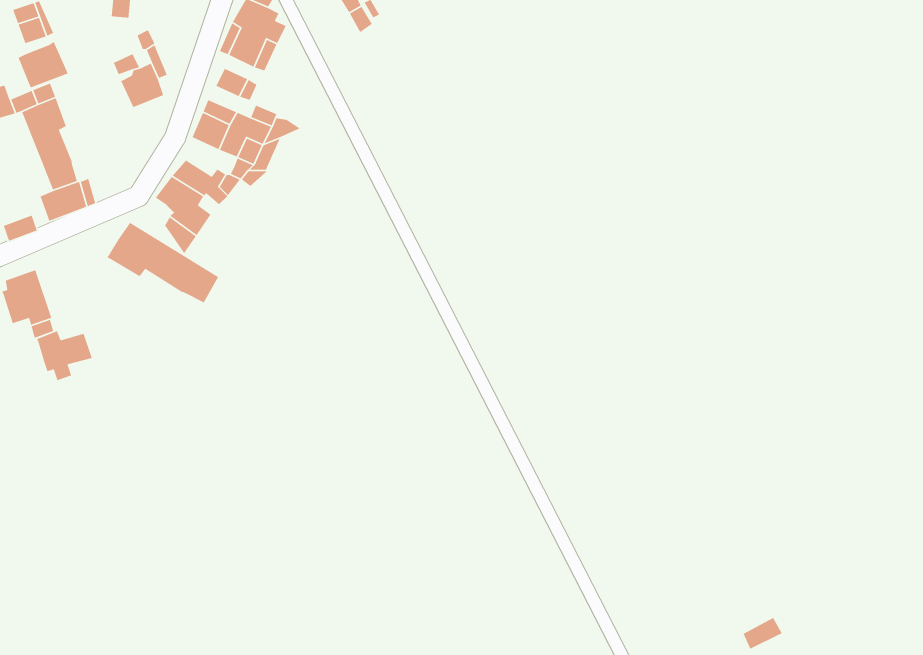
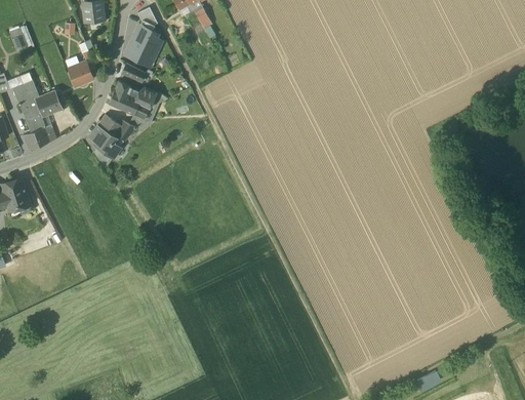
building: [17,41,69,88] -> [35,89,64,116]
building: [107,222,219,304] -> none
building: [36,330,93,381] -> none

